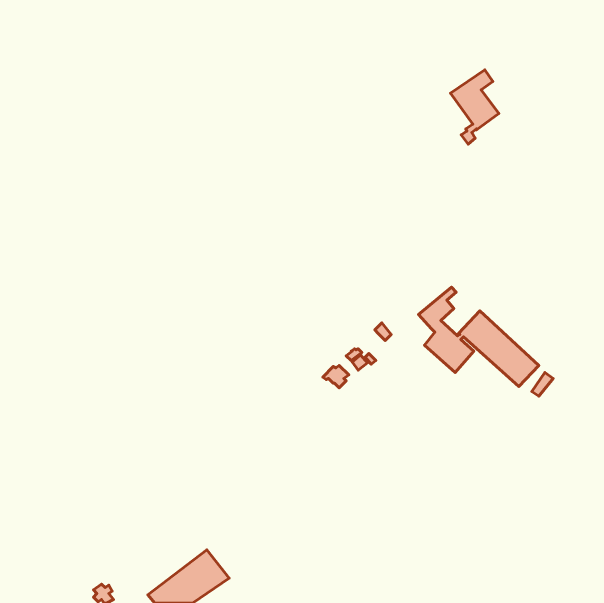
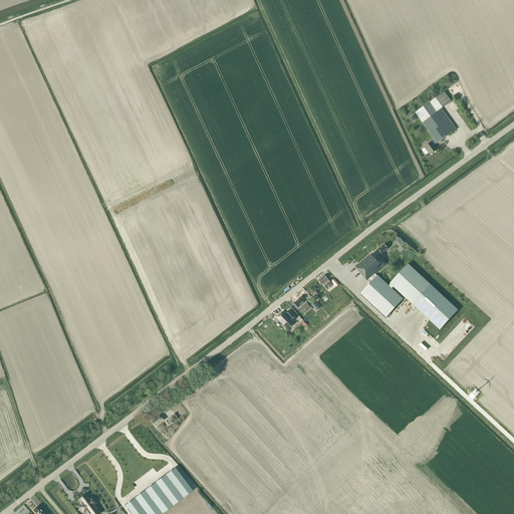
building: [450,70,499,144] -> [415,91,456,155]

